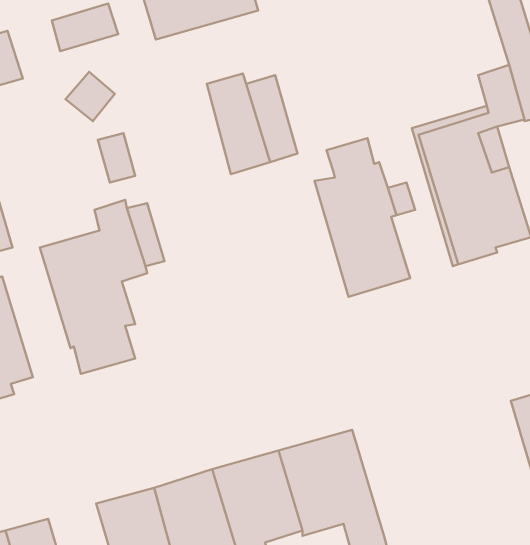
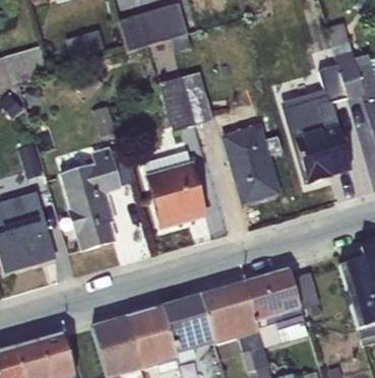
building: none -> [142,149,205,227]
building: none -> [244,269,307,346]

